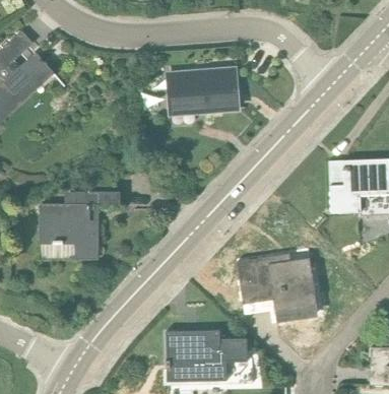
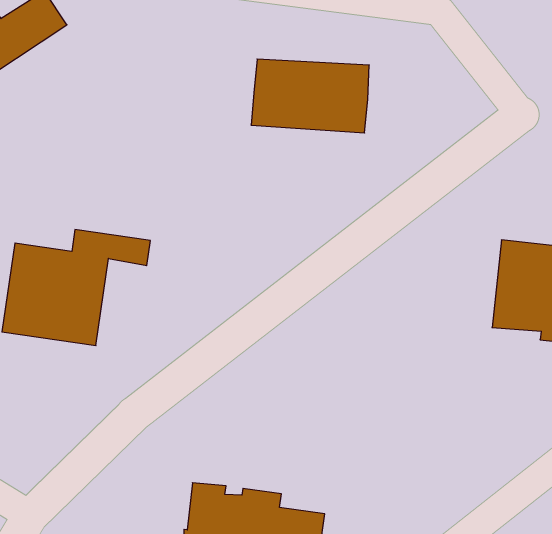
building: [238,256,318,318] -> none

